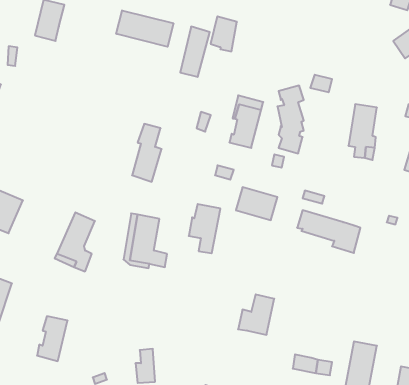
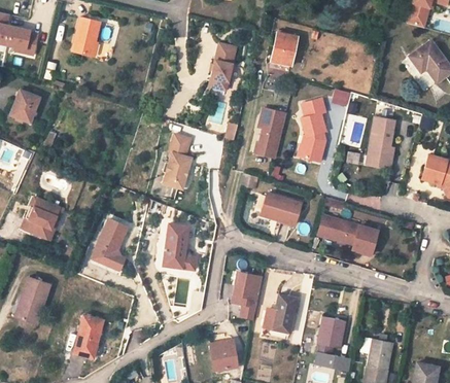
building: [116,10,173,47] -> none
building: [211,16,237,51] -> [272,32,297,65]
building: [189,204,220,253] -> [230,271,259,317]
building: none -> [317,316,346,354]
building: none -> [211,334,238,370]

